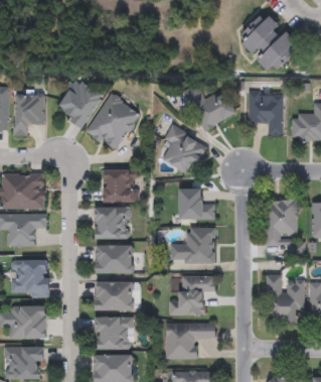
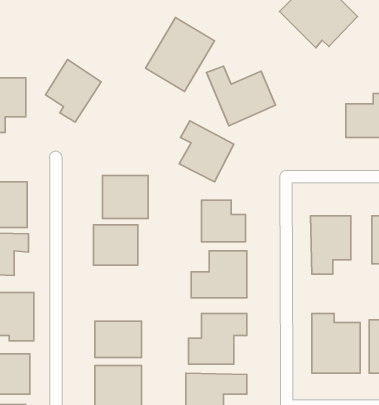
building: [86,94,139,151] -> [146,17,214,92]
building: [248,94,282,136] -> none
building: [97,245,133,274] -> none

